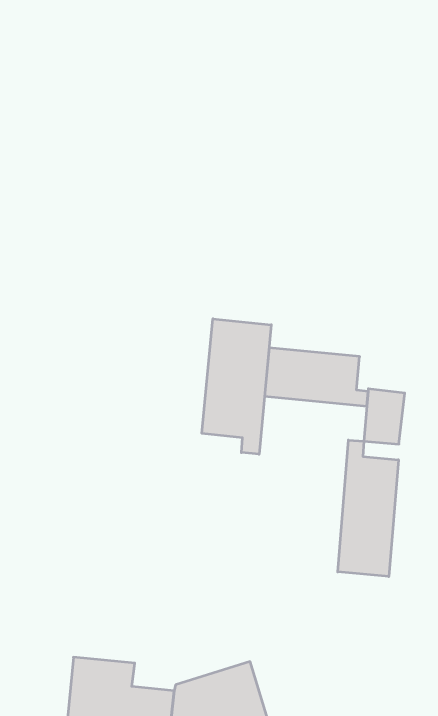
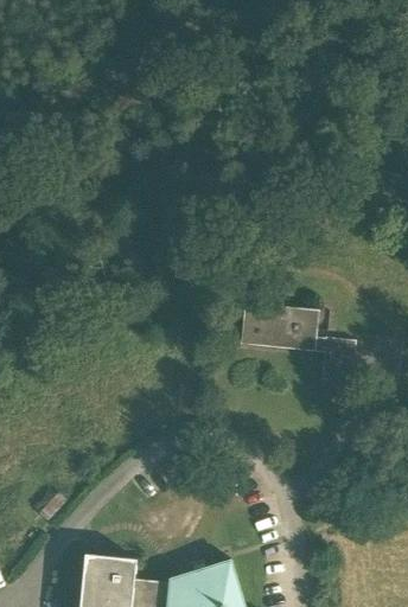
building: [202,319,271,454] -> none
building: [338,440,398,577] -> none

